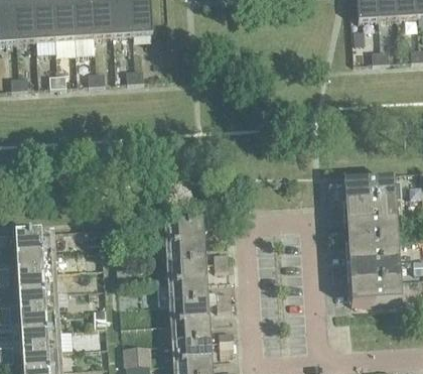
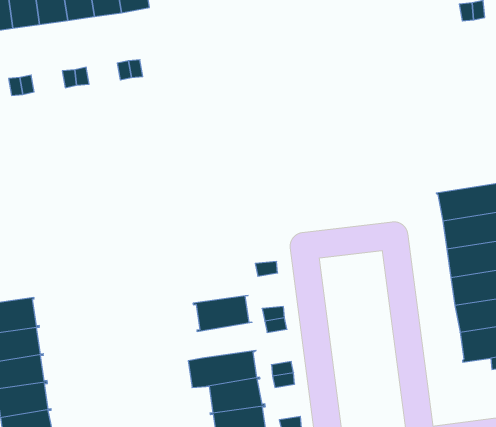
building: [163,219,203,242] -> none
building: [165,259,205,281] -> none

